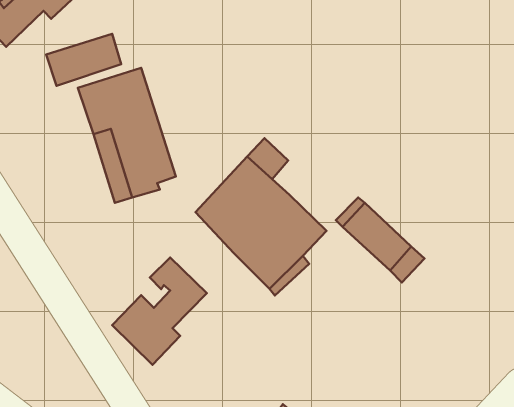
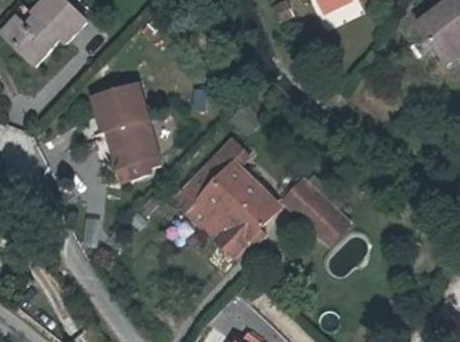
building: [46,34,121,86] -> none
building: [112,258,207,365] -> none

